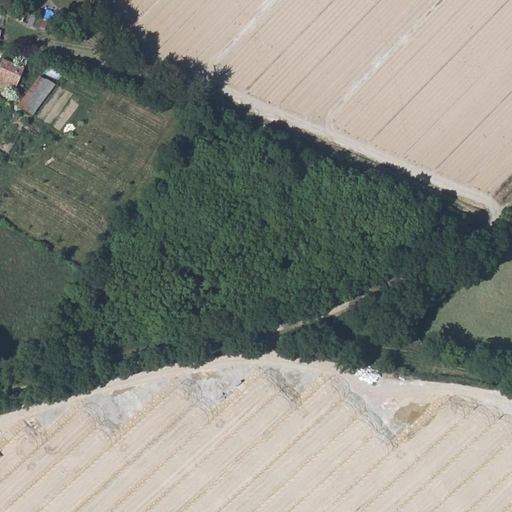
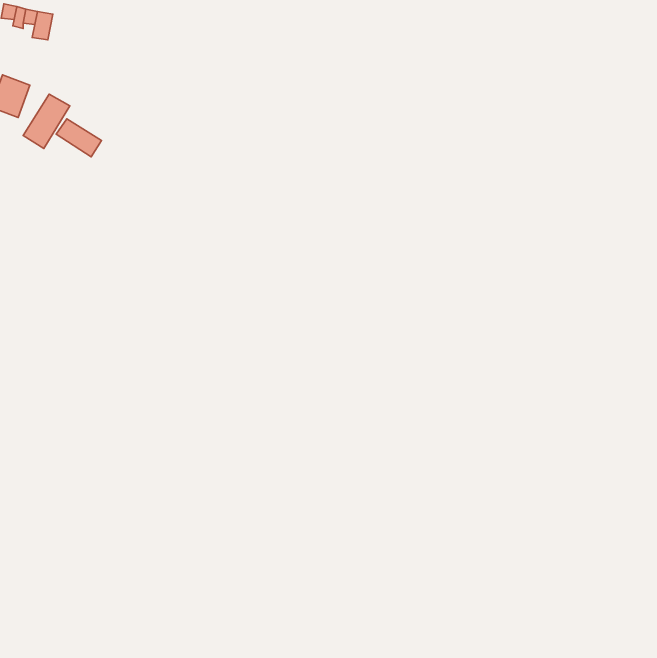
building: none -> [56,119,102,157]

